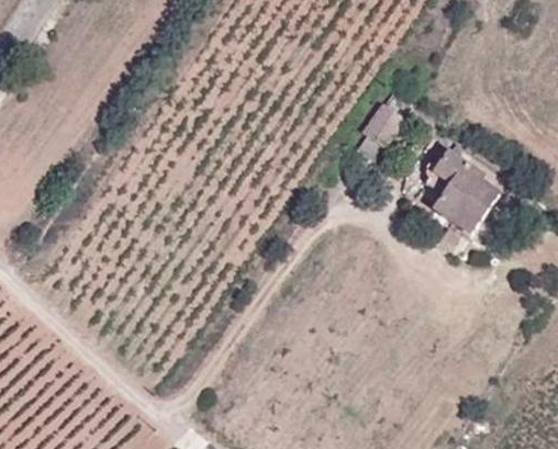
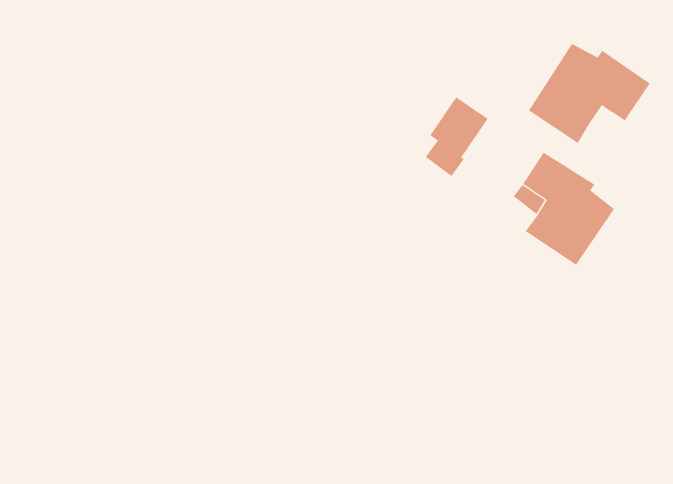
building: none -> [528,43,650,144]

